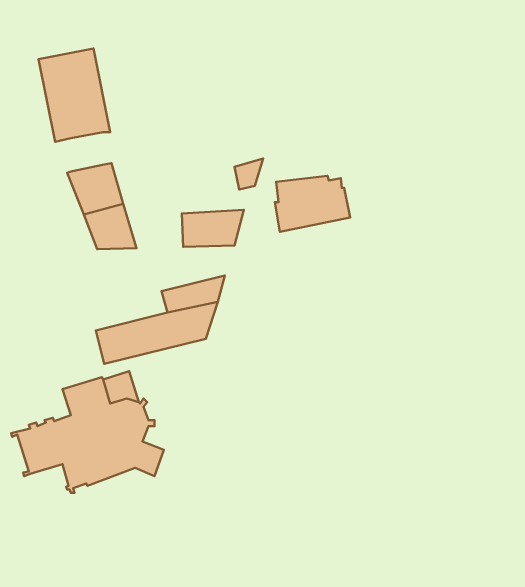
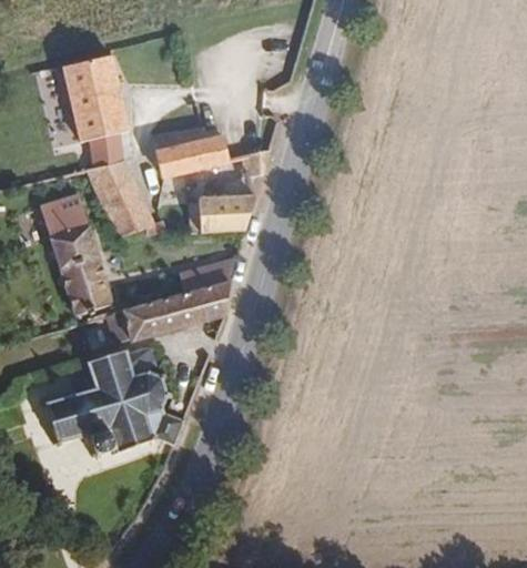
building: none -> [92,126,123,163]
building: [275,176,350,232] -> [158,124,227,176]
building: none -> [39,189,113,312]

